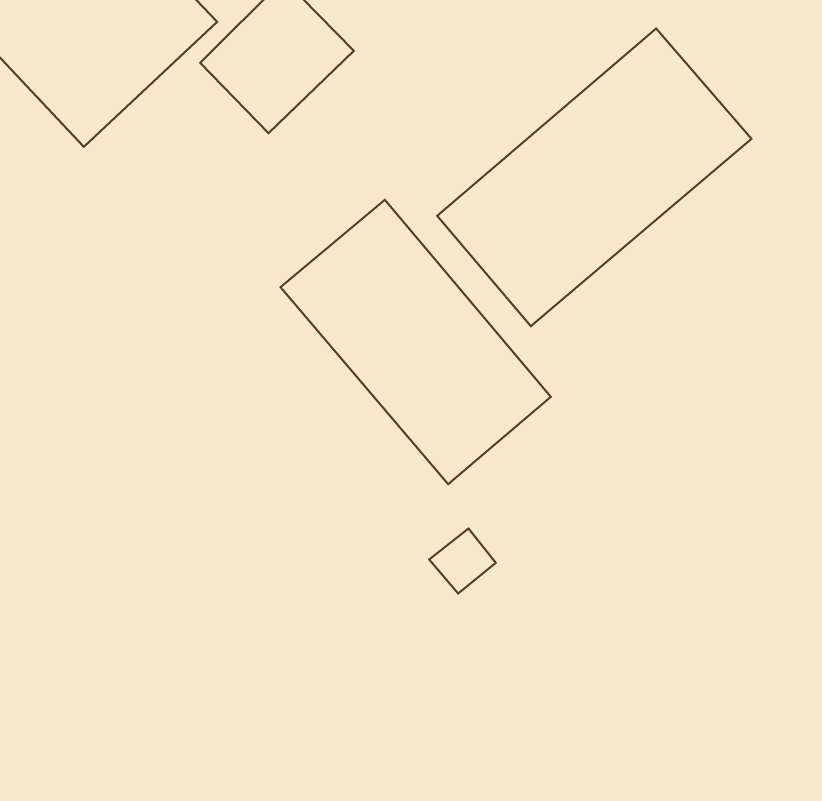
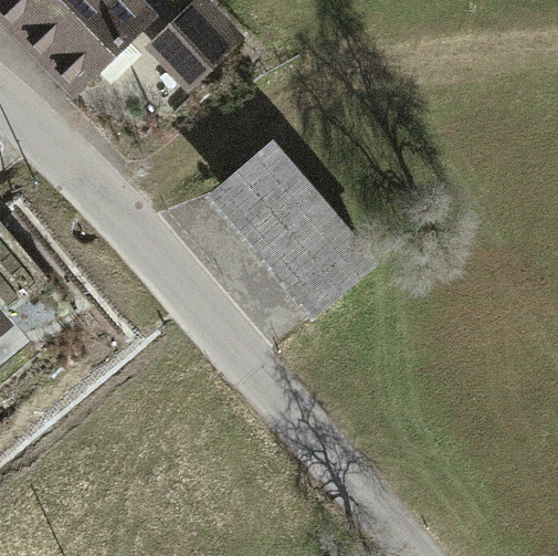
building: [437,28,752,326] -> none

